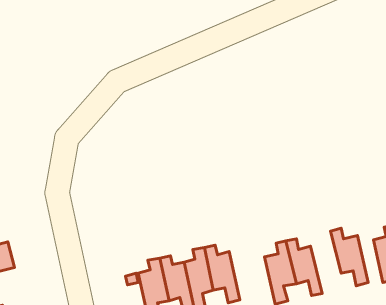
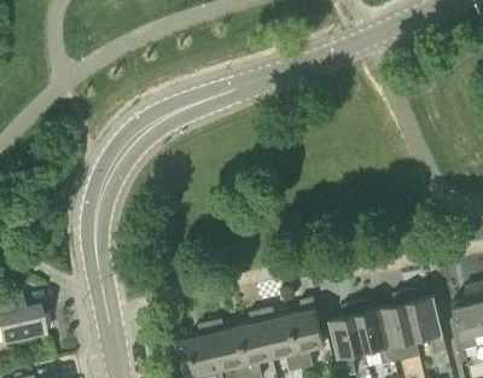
building: none -> [380,293,415,364]
building: none -> [289,300,324,371]

